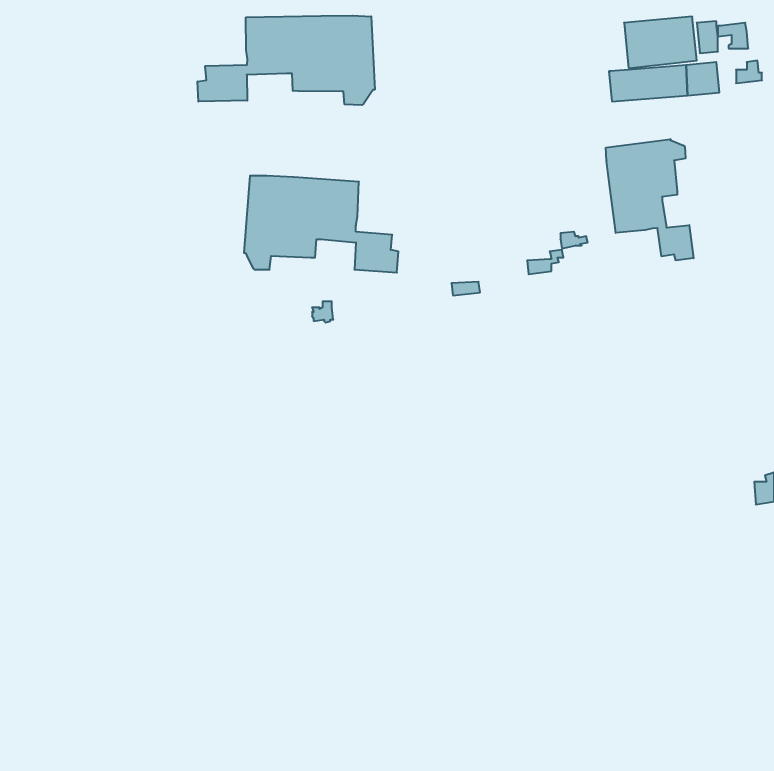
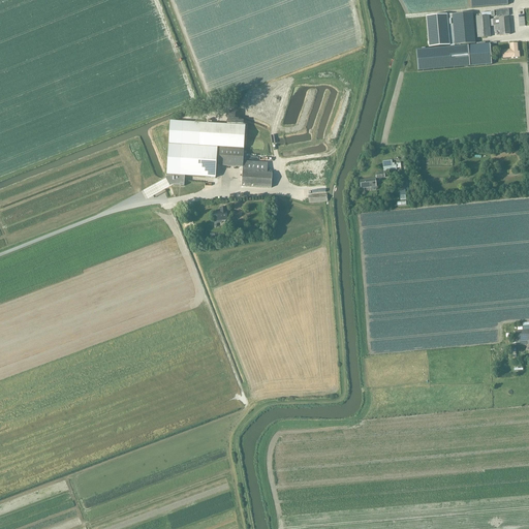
building: [198,16,375,105] -> none
building: [606,139,694,260] -> none

